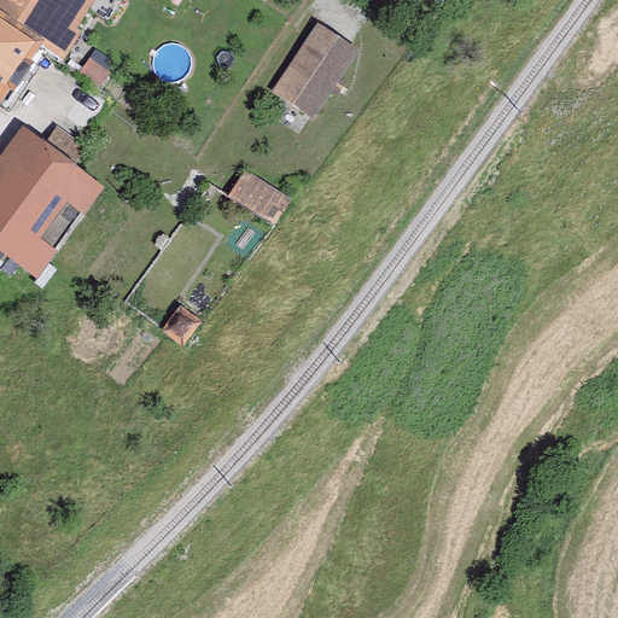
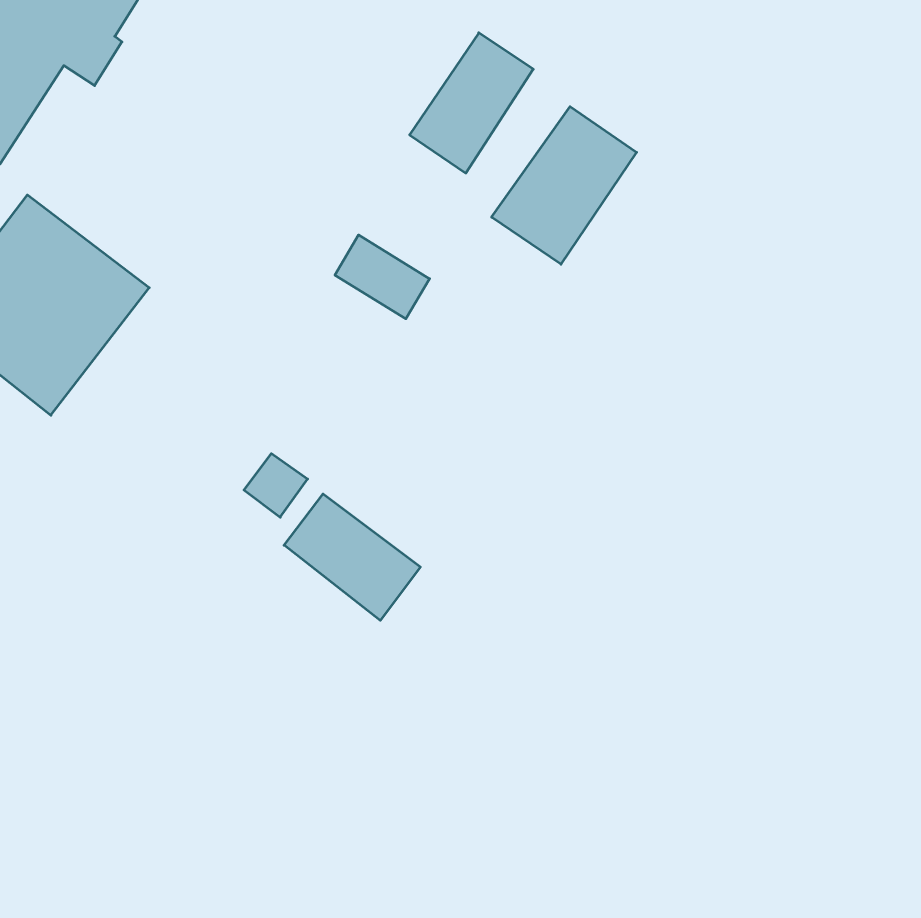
building: none -> [492,107,637,264]
building: none -> [284,494,420,620]

